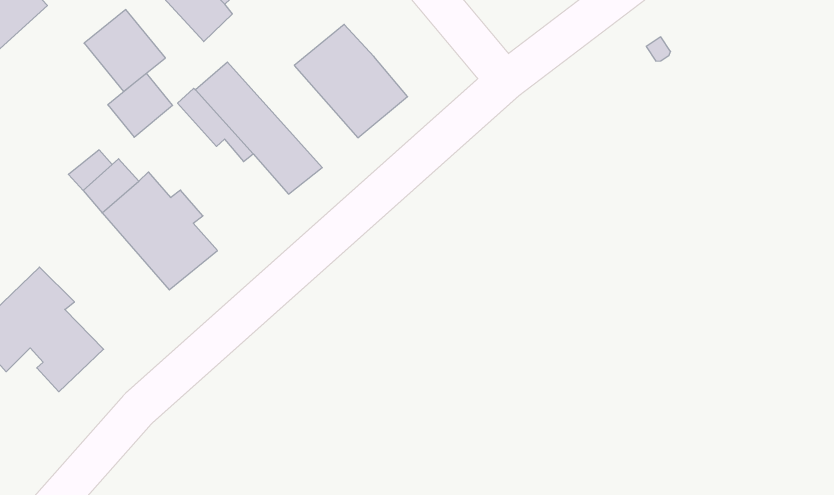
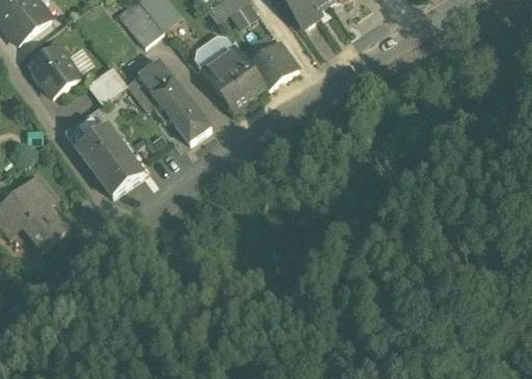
building: [84,10,165,92] -> [31,45,80,94]
building: none -> [247,40,296,87]

